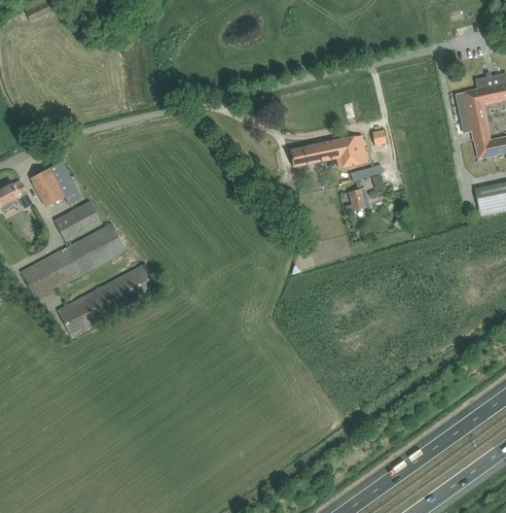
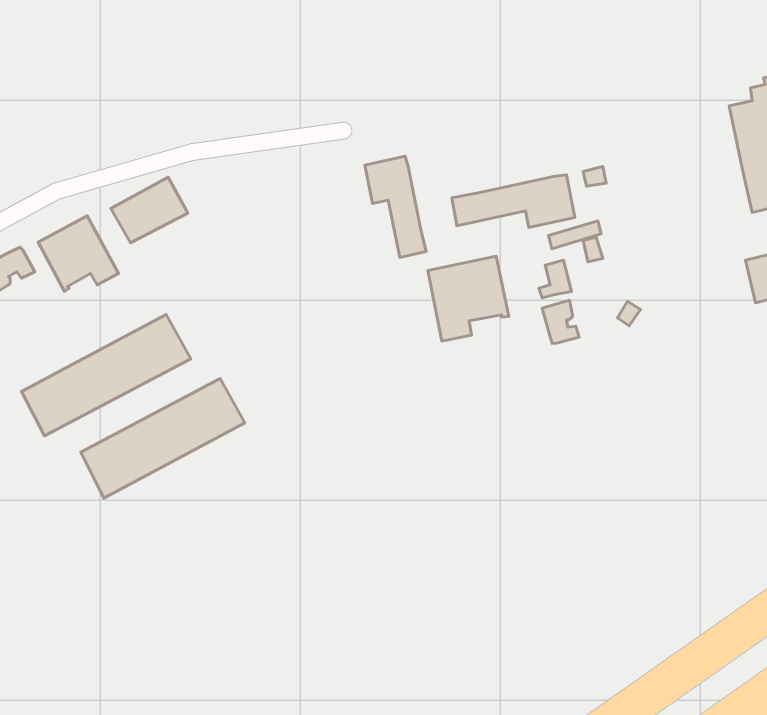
building: none -> [365,156,426,258]
building: none -> [428,256,509,341]
building: [52,200,101,241] -> [111,177,188,243]
building: none -> [542,300,579,343]

